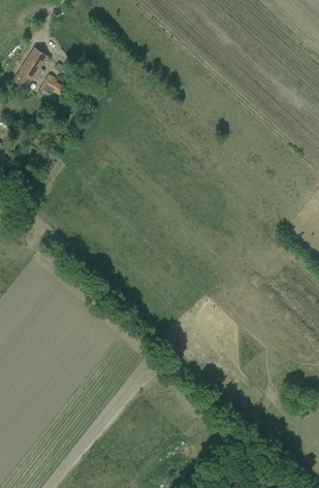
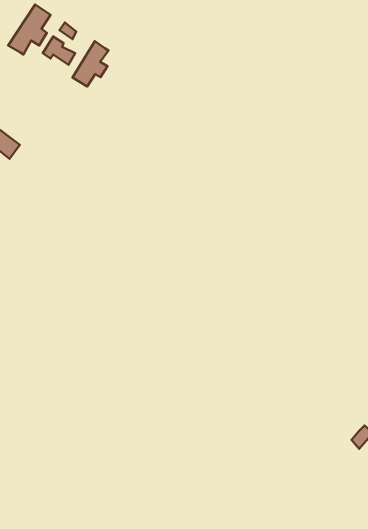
building: none -> [72,41,109,86]

